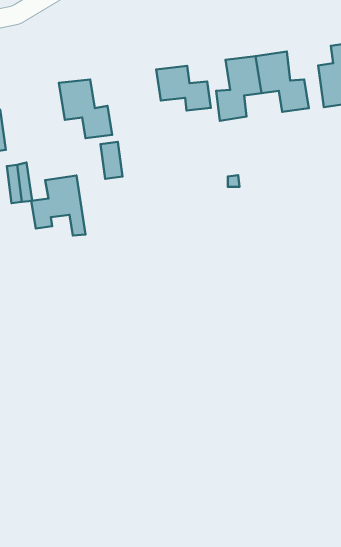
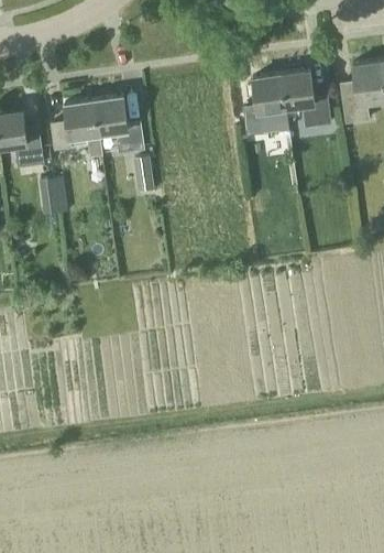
building: [156,66,211,111] -> none
building: [31,175,86,236] -> [51,100,102,158]

